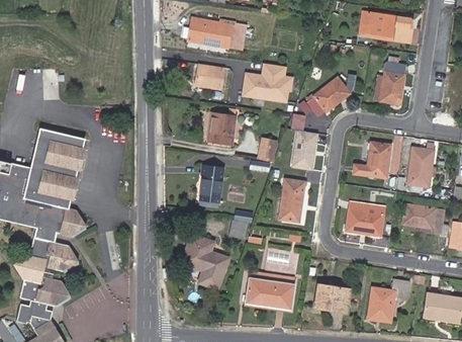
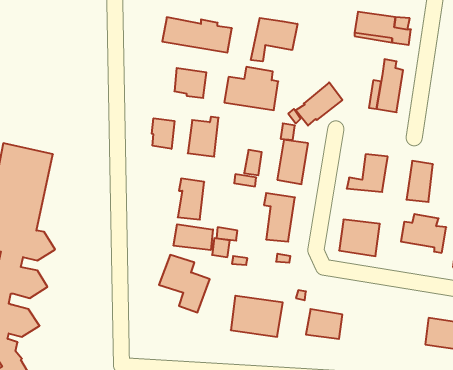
building: none -> [251,18,297,61]
building: none -> [152,118,174,149]
building: none -> [174,224,213,250]
building: [369,280,408,320] -> none

